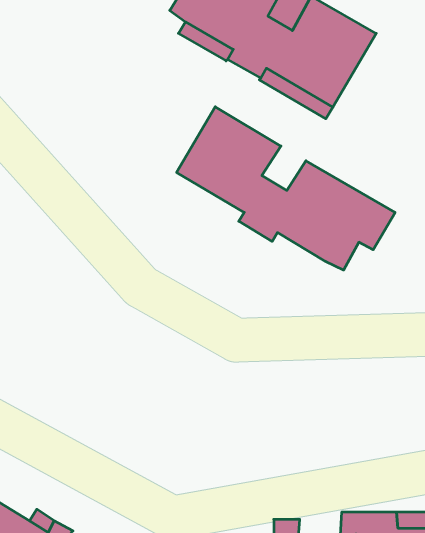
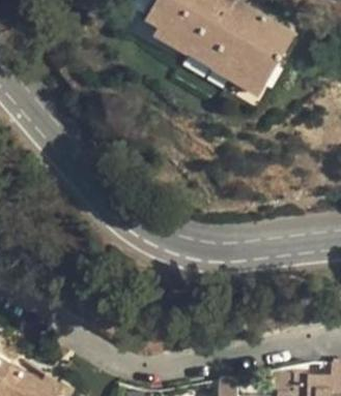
building: [177,107,395,270] -> none

